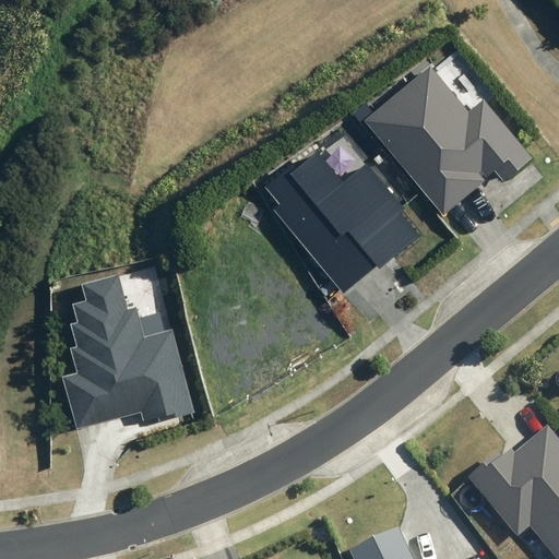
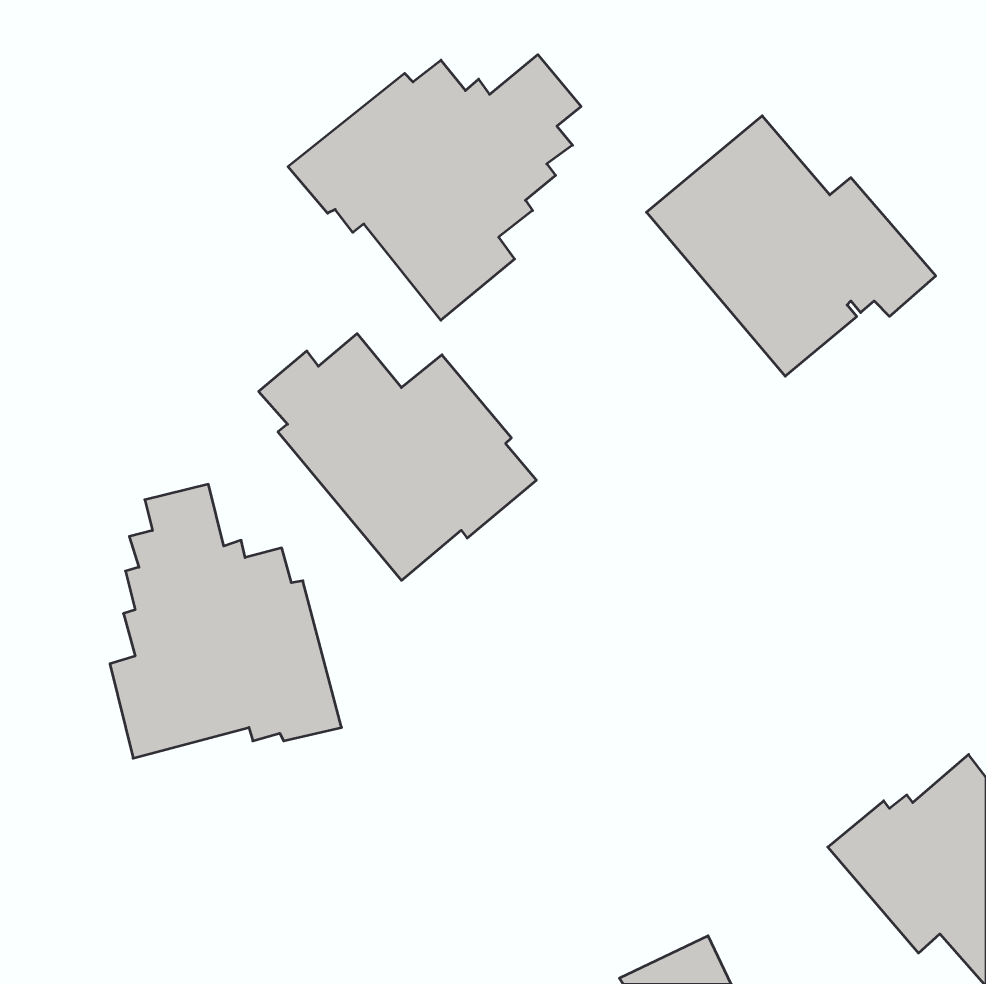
building: none -> [288,55,581,320]
building: [262,152,419,292] -> [259,334,536,580]

